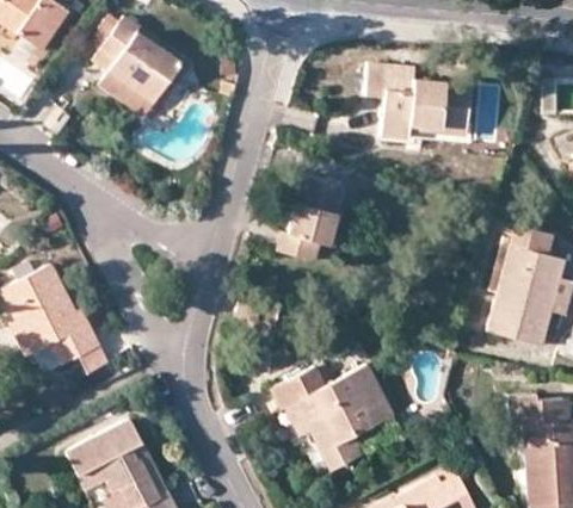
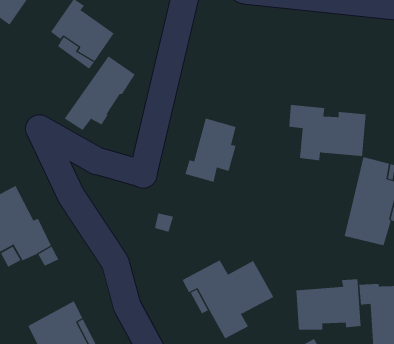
building: [366,66,470,141] -> [288,104,366,161]
building: none -> [64,55,135,131]
building: none -> [296,278,361,330]

